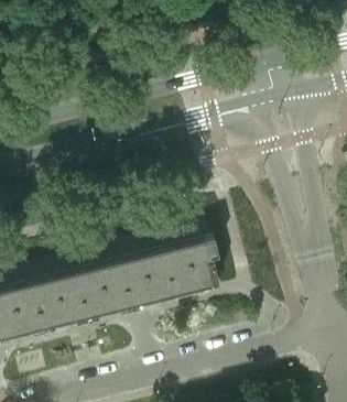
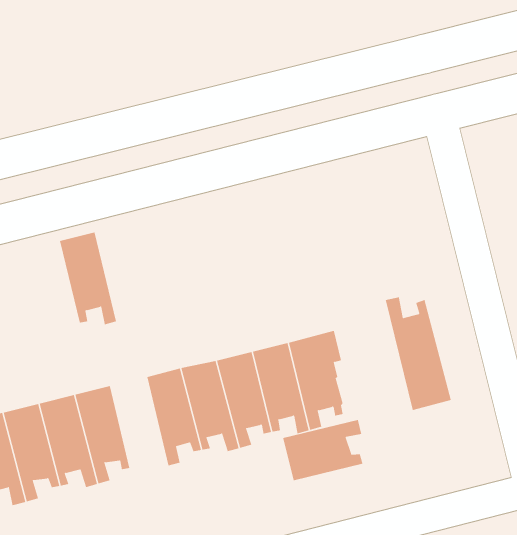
building: none -> [385,296,452,411]
building: [73,269,108,326] -> [59,232,117,325]
building: none -> [282,419,363,481]

